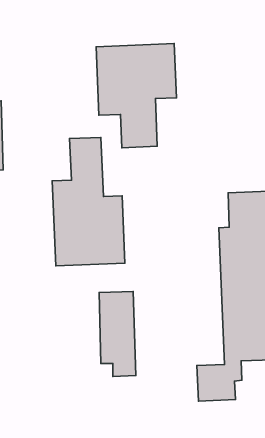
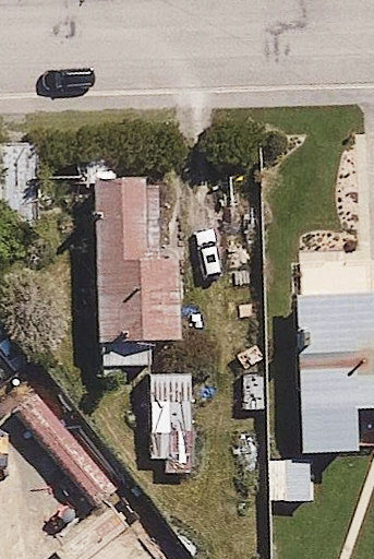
building: [96,44,176,148] -> none

